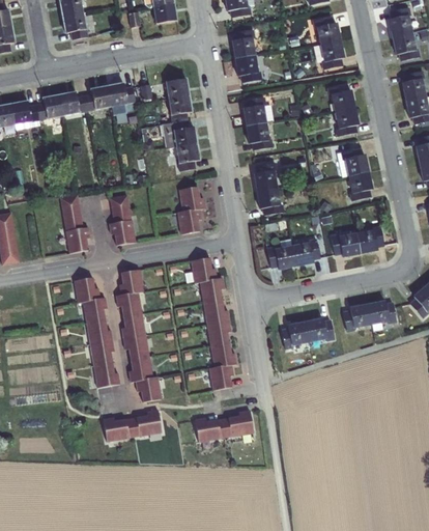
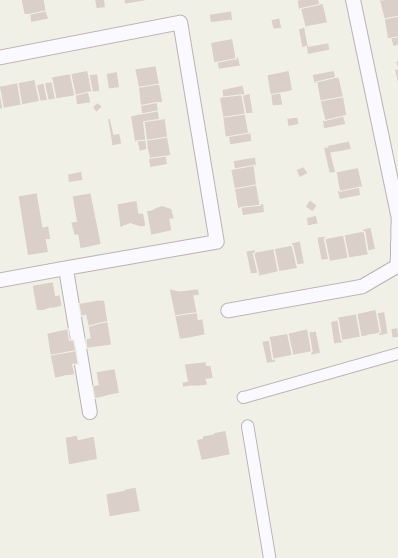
building: [231,37,255,58] -> none
building: [320,39,344,61] -> [266,71,293,95]
building: [344,153,369,175] -> none
building: [178,185,205,209] -> [116,201,146,228]
building: [191,255,224,283] -> none
building: [119,267,144,294] -> none
building: [83,296,108,322] -> none
building: [206,323,232,350] -> none
building: [122,332,148,357] -> none
building: [93,359,120,386] -> none
building: [209,368,233,389] -> none
building: [135,375,162,400] -> none
building: [130,409,162,436] -> [105,487,141,517]
building: [194,416,226,441] -> none

